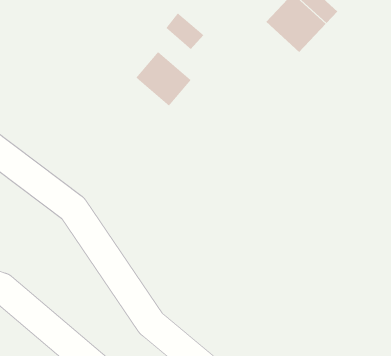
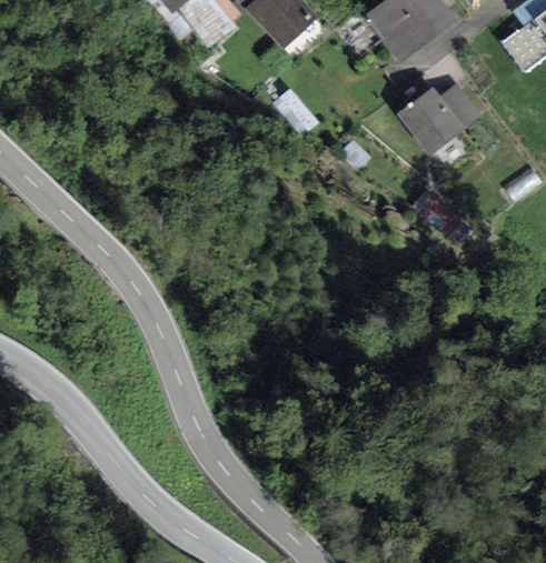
building: [135,51,192,106] -> none

